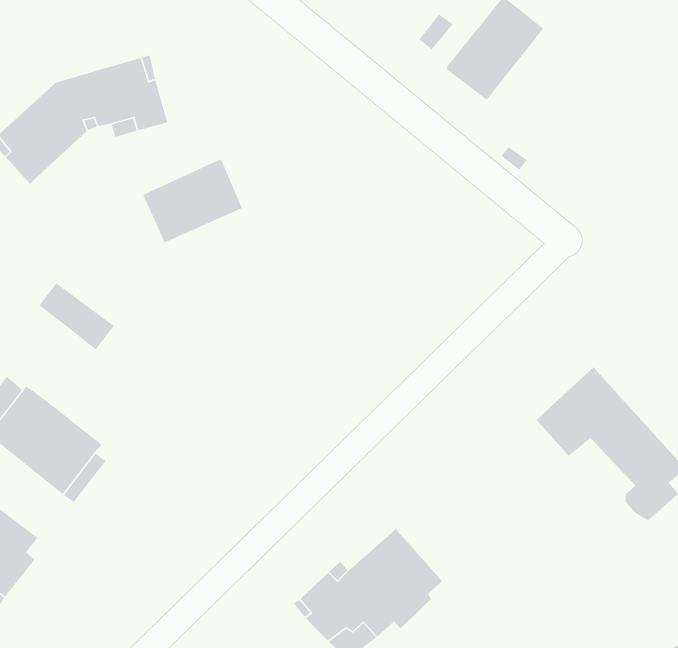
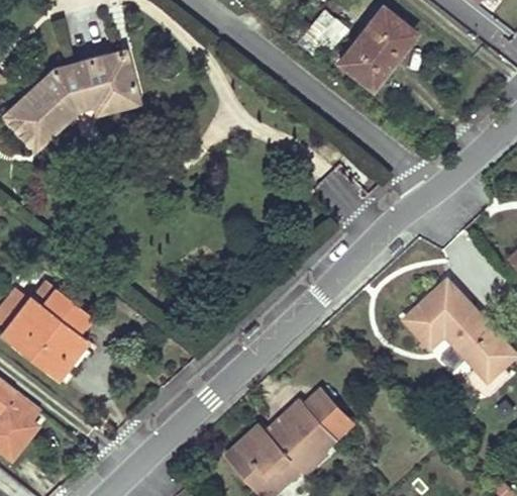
building: [142,159,243,244] -> none
building: [38,282,115,351] -> [33,282,90,332]
building: none -> [305,390,352,440]

